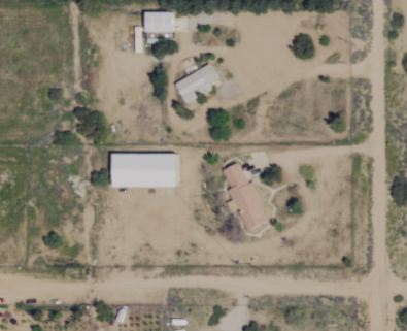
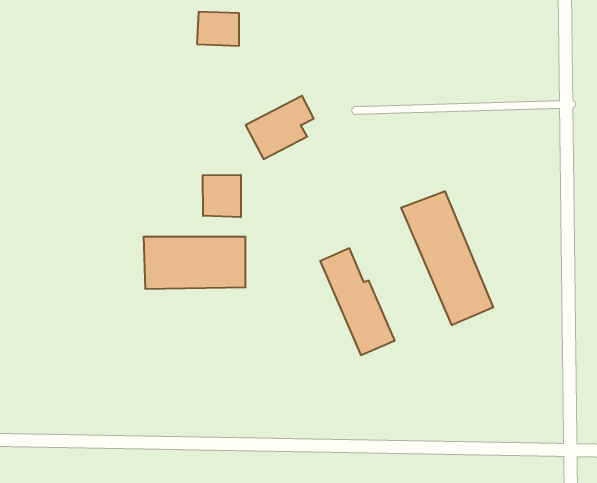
building: none -> [203,175,241,217]
building: none -> [401,191,493,325]

